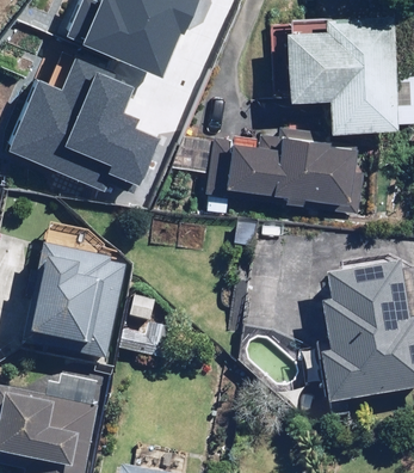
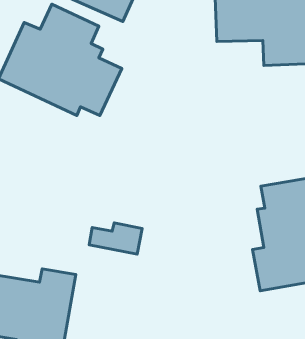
building: [203,129,359,213] -> none
building: [21,244,123,360] -> none

